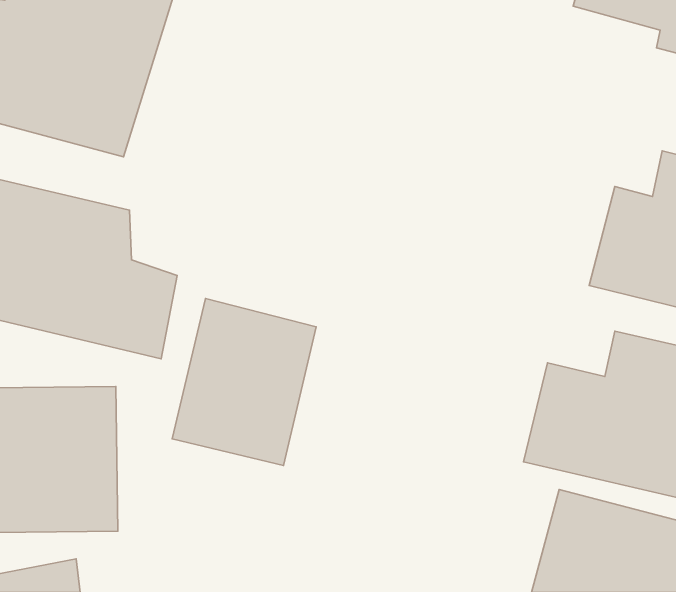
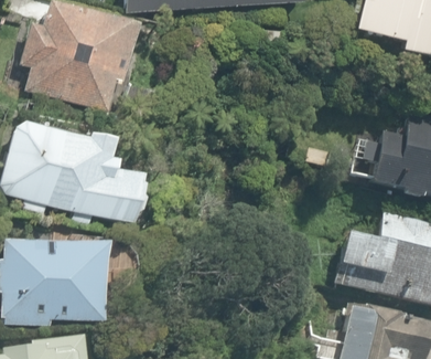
building: [172,299,316,465] -> none

